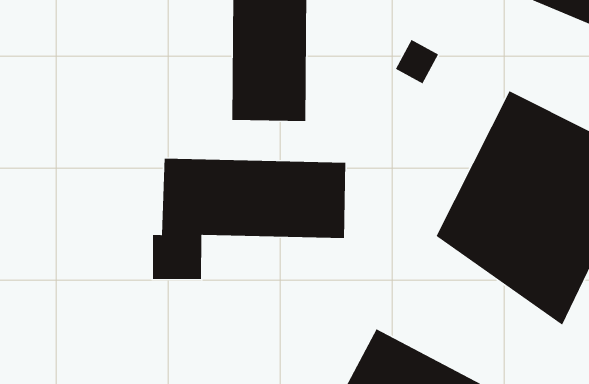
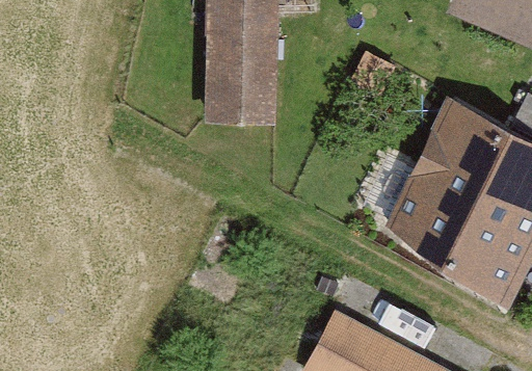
building: [152,158,346,280] -> none

